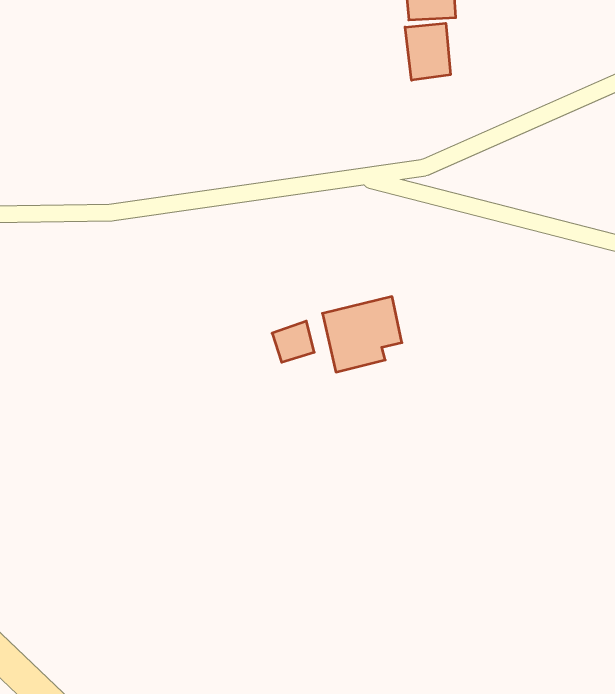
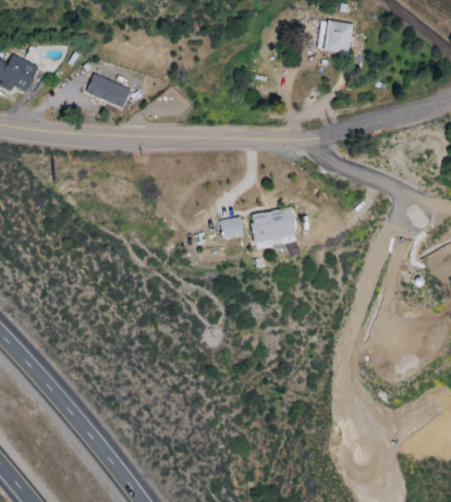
building: [405,23,450,80] -> none
building: none -> [86,74,131,108]

